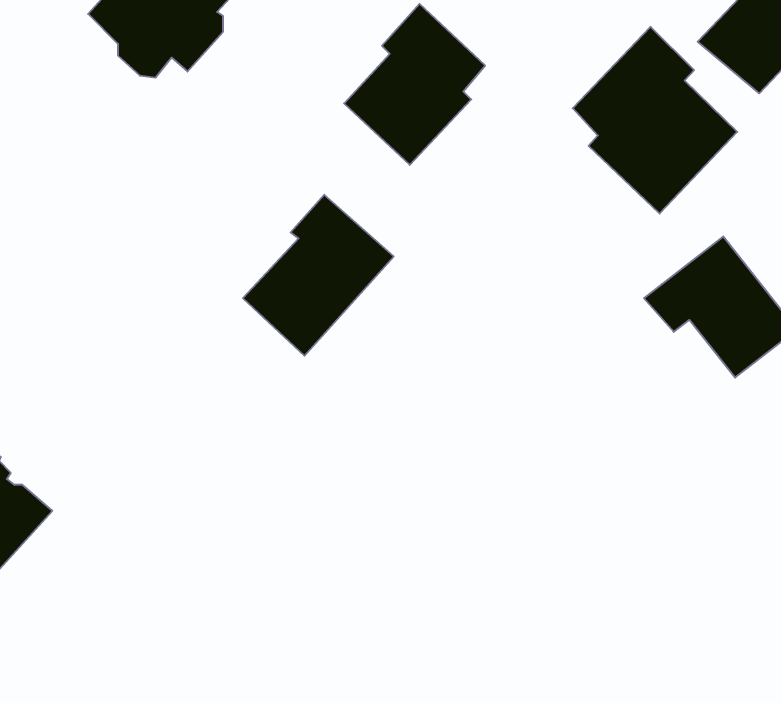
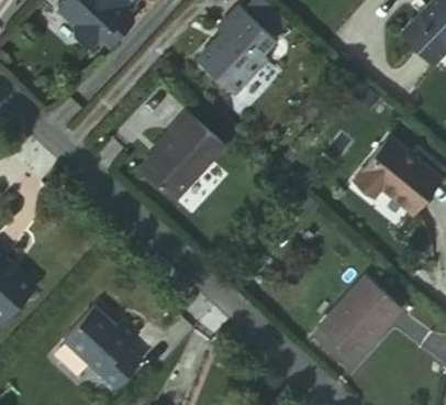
building: [573,27,737,214] -> none
building: none -> [320,277,401,361]
building: none -> [64,308,141,390]

